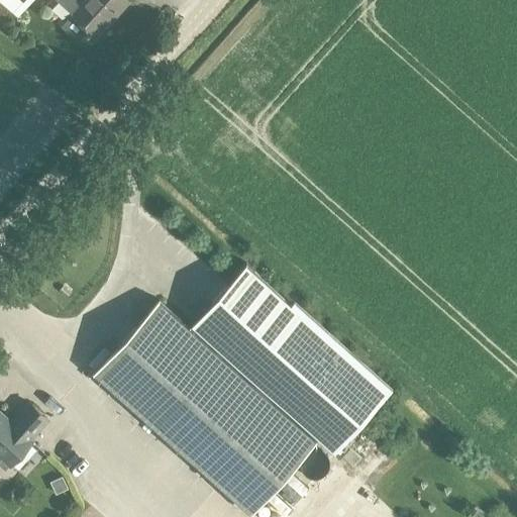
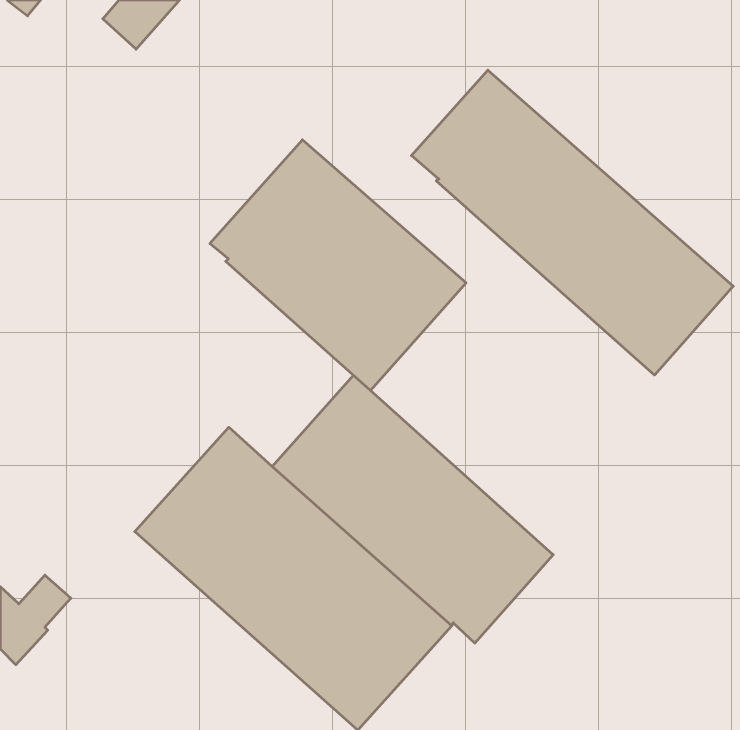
building: none -> [411,70,733,375]
building: none -> [210,140,466,391]

